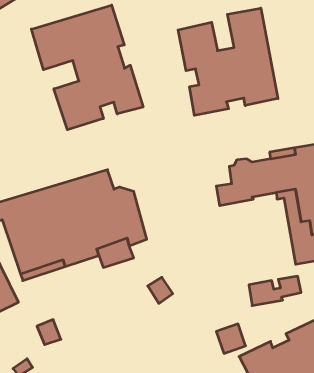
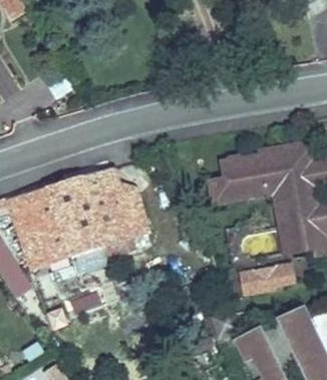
building: [31,5,143,130] -> none
building: [178,8,278,115] -> none

